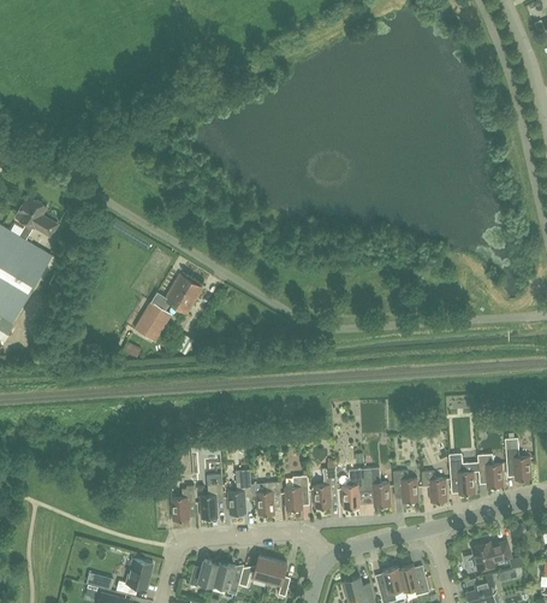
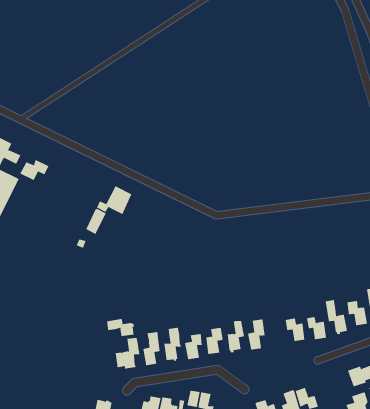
building: none -> [19,159,49,181]
building: none -> [106,318,134,337]
building: [364,468,391,507] -> none

